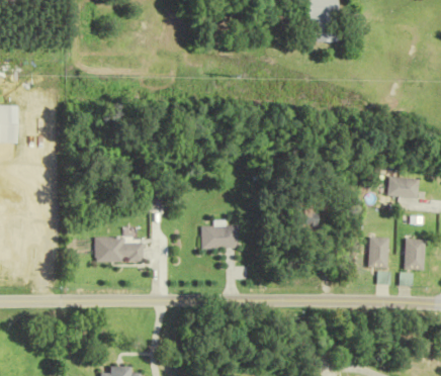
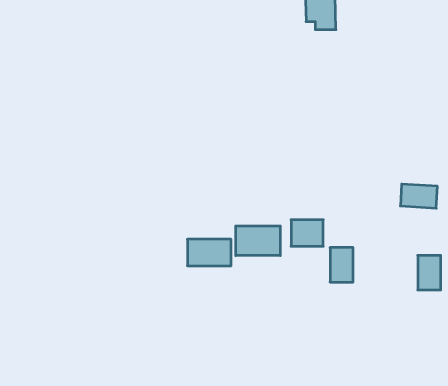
building: none -> [236,226,280,256]
building: [93,237,144,261] -> none
building: [368,238,388,268] -> [330,248,353,282]

